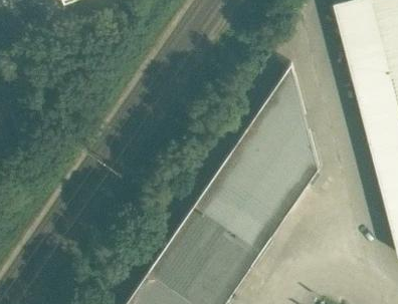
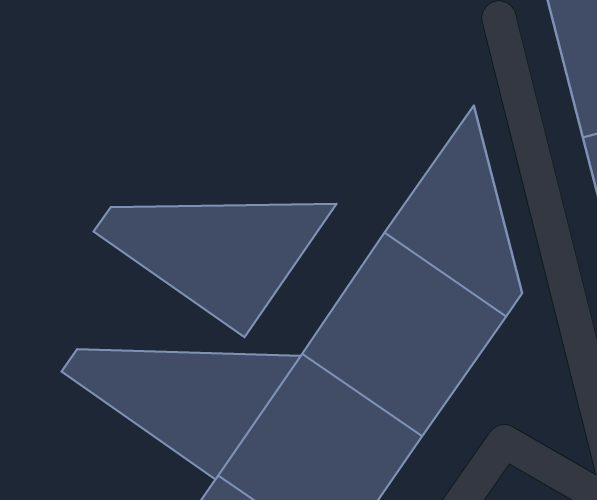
building: none -> [94,204,337,337]
building: none -> [62,349,301,479]

